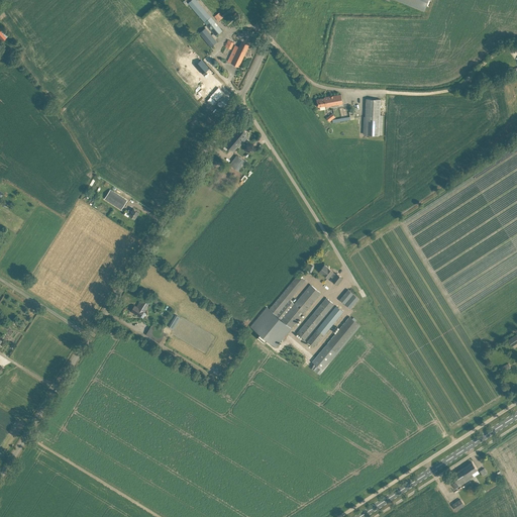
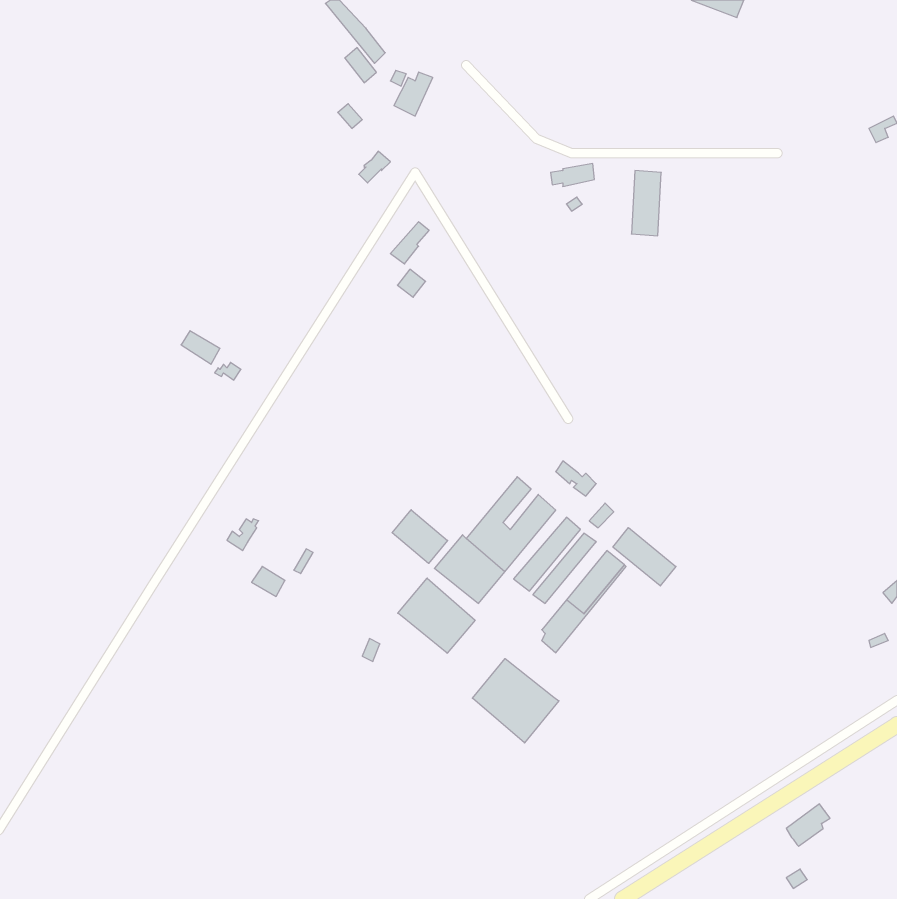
building: none -> [392,510,448,563]
building: none -> [613,528,676,586]
building: none -> [398,578,475,653]
building: none -> [472,659,559,743]

